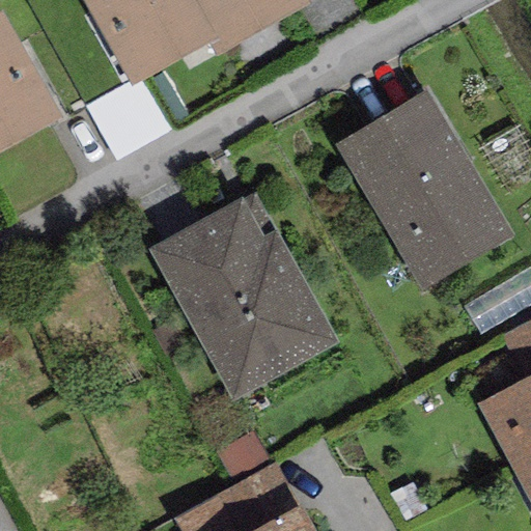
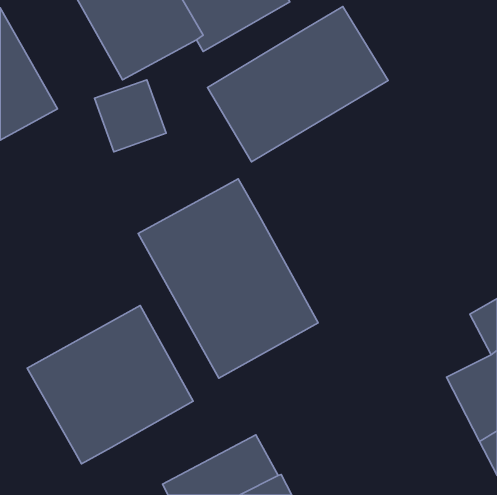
building: none -> [207,7,388,162]
building: [334,86,513,288] -> none
building: none -> [27,305,193,464]

